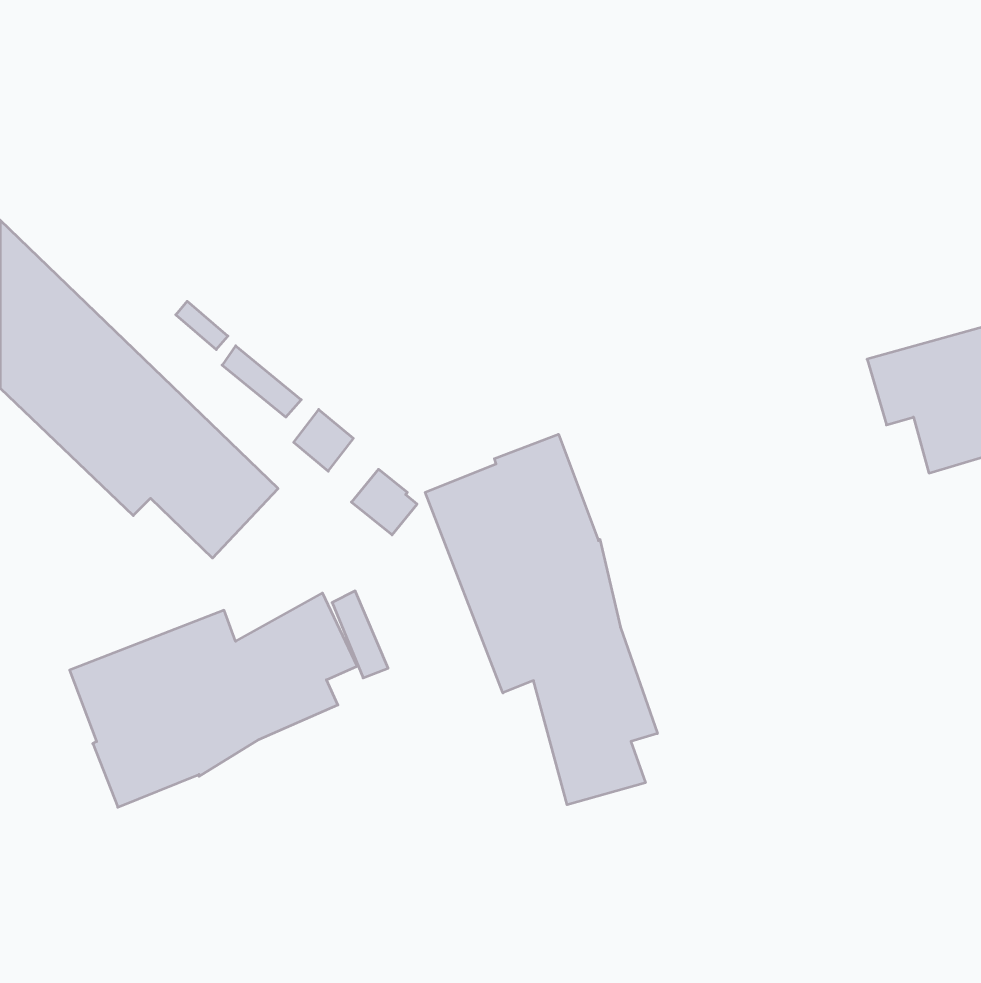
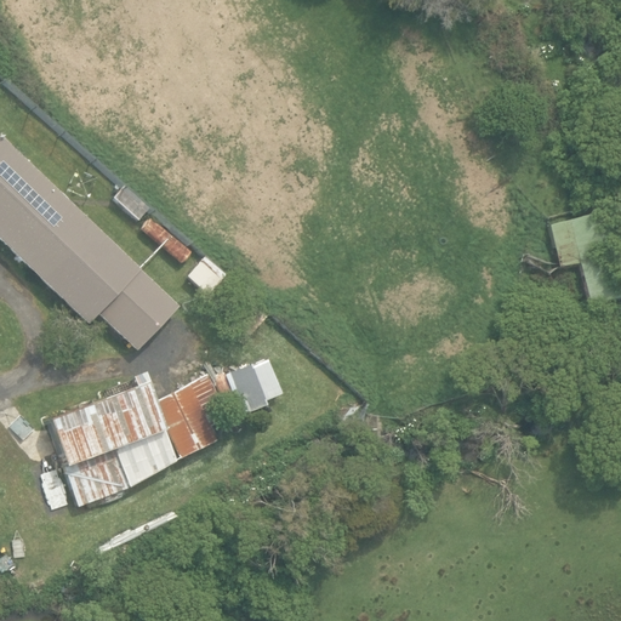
building: [425,434,657,805] -> none

